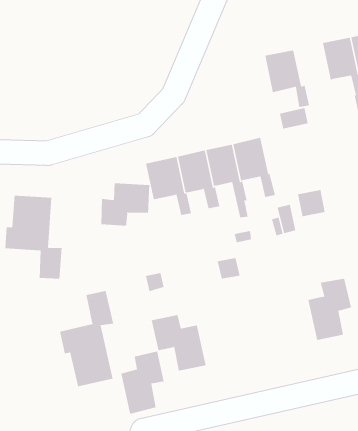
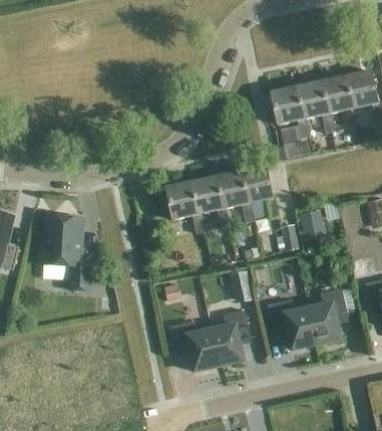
building: none -> [297,79,336,132]
building: [101,182,150,227] -> none
building: [60,290,114,387] -> none
building: none -> [268,298,317,349]
building: [120,351,165,414] -> [212,308,251,365]

